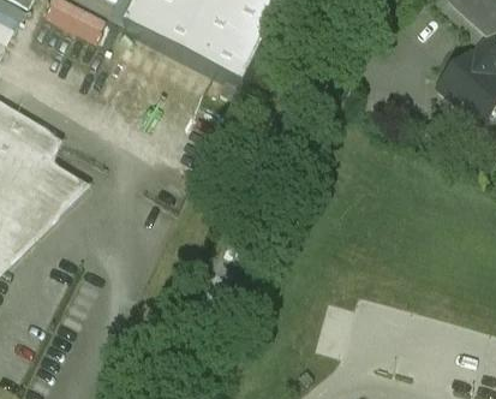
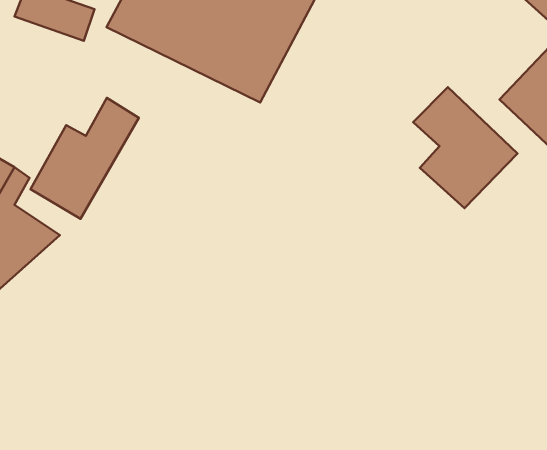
building: none -> [413,87,517,208]
building: none -> [31,98,139,219]

